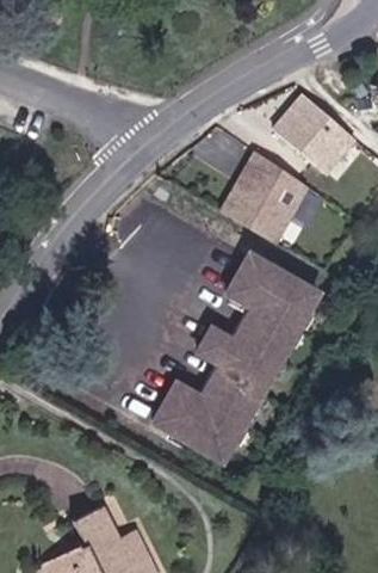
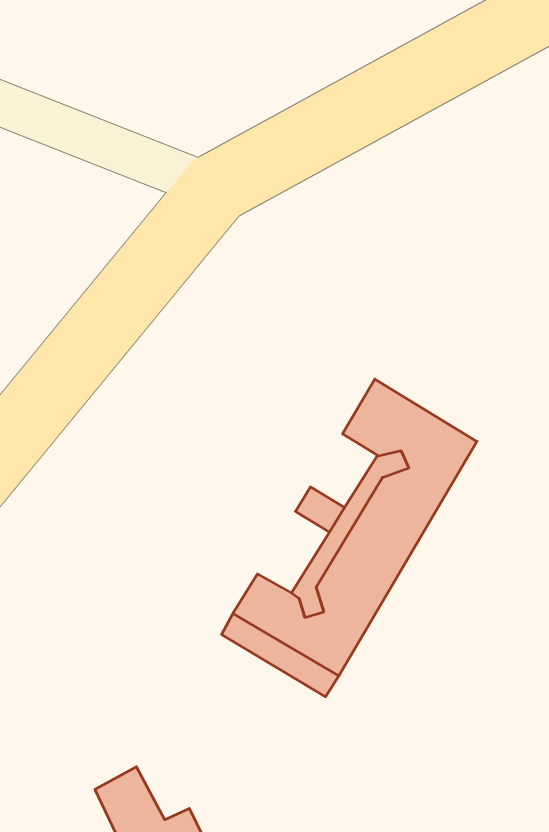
building: [267,91,357,177] -> none
building: [217,154,310,247] -> none

